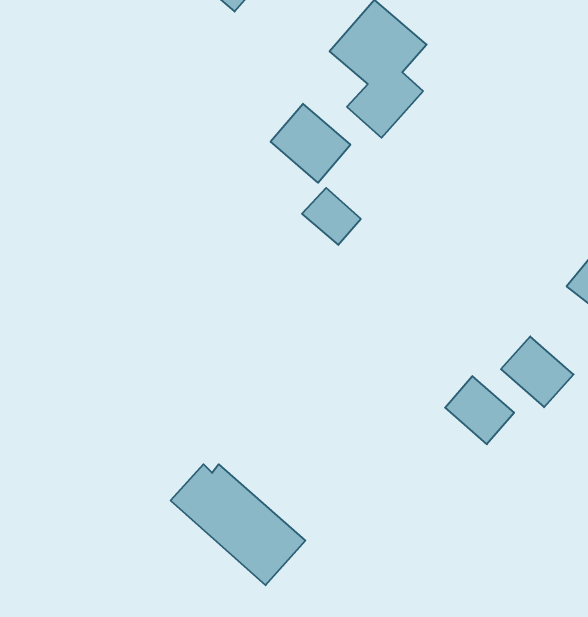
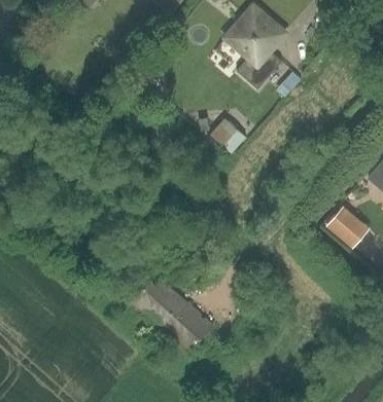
building: [271,104,350,183] -> none
building: [445,376,514,444] -> none

